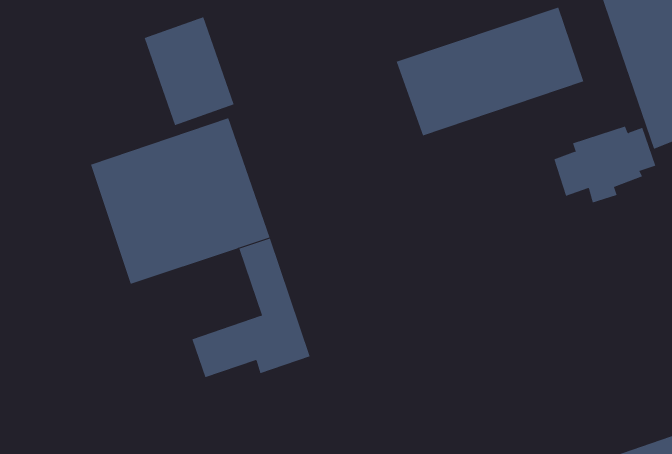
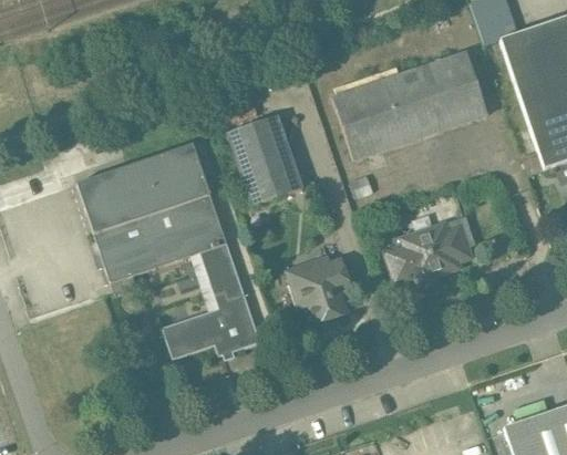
building: [144,16,235,126] -> [227,114,302,205]
building: [554,126,656,203] -> [384,223,470,287]
building: none -> [286,256,350,321]

